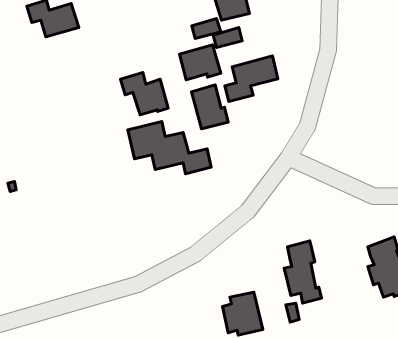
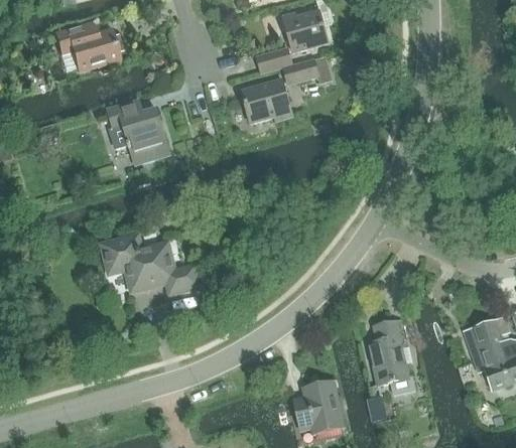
building: [225,56,278,101] -> none
building: [120,72,168,115] -> [108,101,166,152]
building: [191,85,228,129] -> none
building: [128,122,211,174] -> [99,232,201,295]

